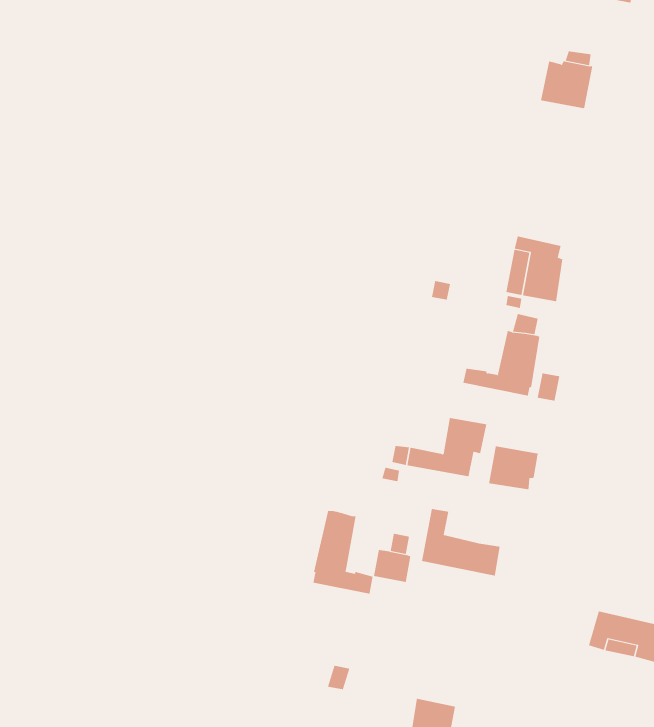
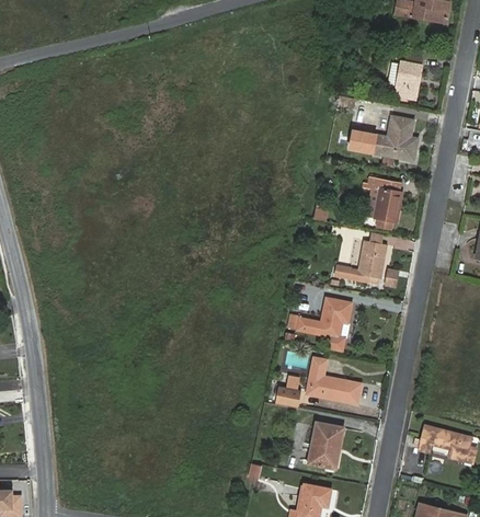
building: none -> [347,116,416,164]
building: [489,446,539,490] -> none
building: [313,510,373,594] -> none
building: none -> [308,423,342,467]

